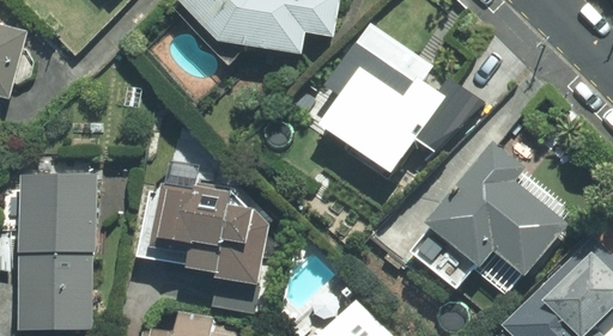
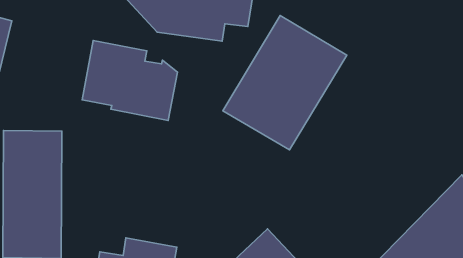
building: [396,141,575,304] -> none
building: [145,181,268,283] -> [82,41,177,120]

